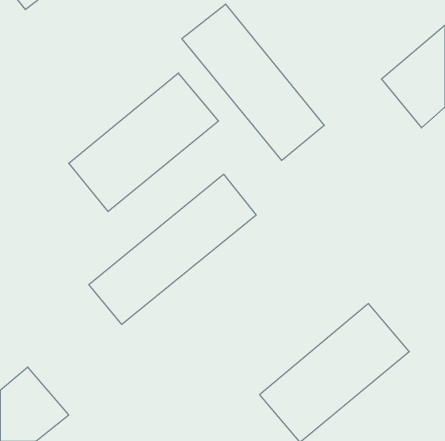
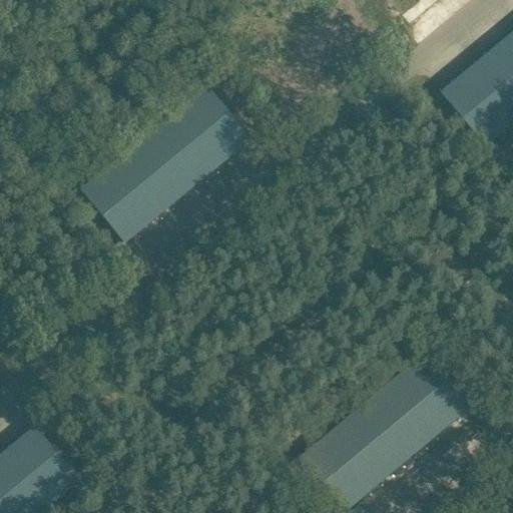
building: [182,4,324,160] -> none
building: [89,174,256,324] -> none

